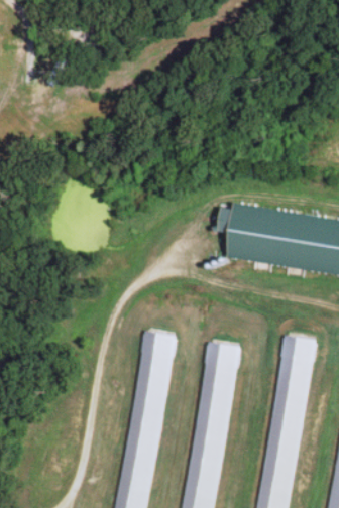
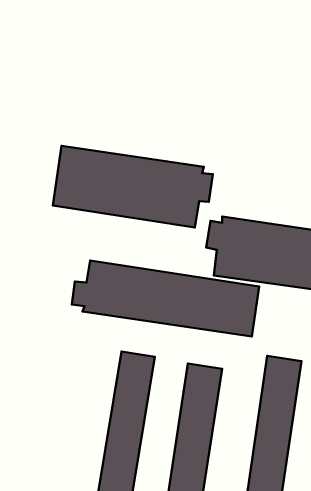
building: none -> [53,146,213,227]
building: none -> [72,261,259,336]

